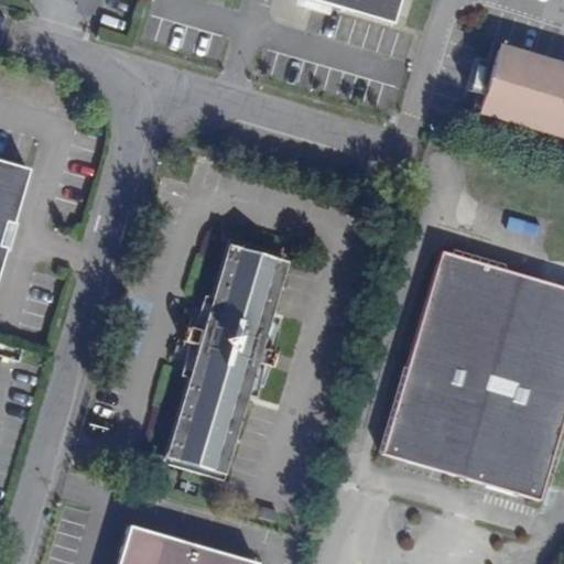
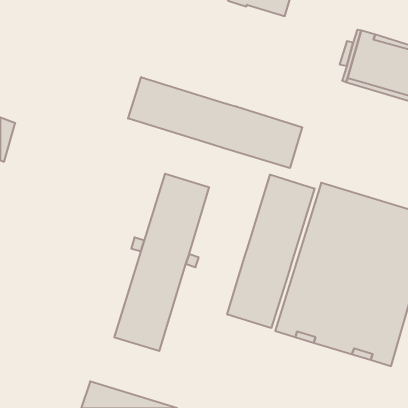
building: none -> [128,77,302,168]
building: none -> [227,175,315,328]

